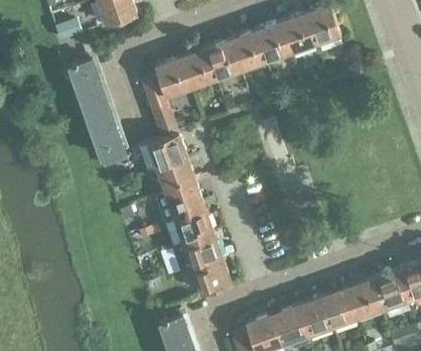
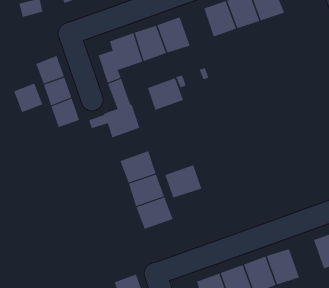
building: [230,31,265,72] -> none
building: [66,58,99,91] -> [13,83,43,113]
building: [157,159,196,195] -> [147,77,184,110]
building: [191,257,232,294] -> [164,164,202,198]
building: [346,279,383,320] -> none

